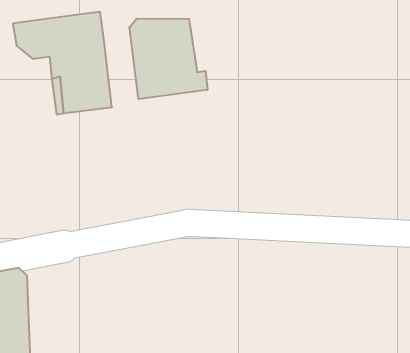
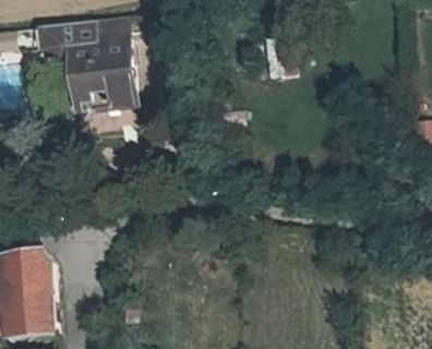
building: [129,19,207,99] -> none

